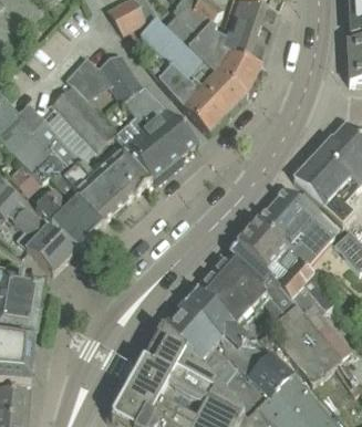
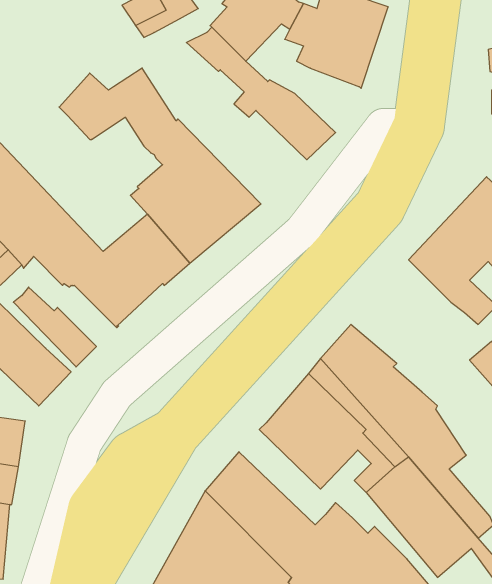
building: [138,19,228,134] -> none
building: [188,24,262,95] -> none
building: [51,84,118,152] -> none
building: [46,188,104,235] -> none
building: [257,189,334,264] -> none
building: [184,289,248,351] -> none

